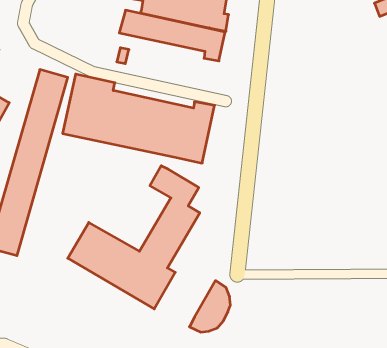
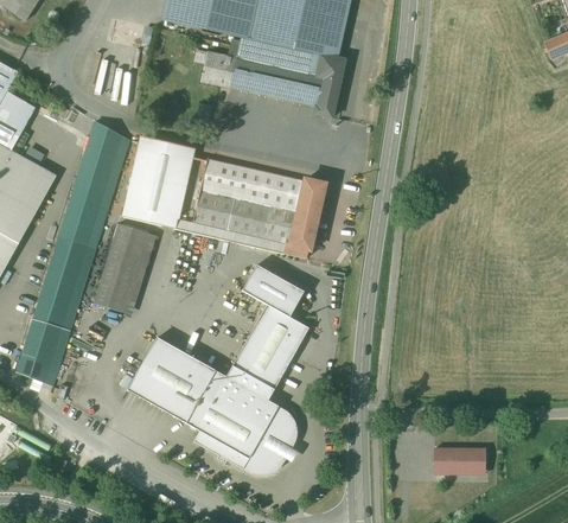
building: none -> [92,223,154,313]
building: [189,281,230,332] -> [238,406,294,476]
building: none -> [433,441,484,471]

